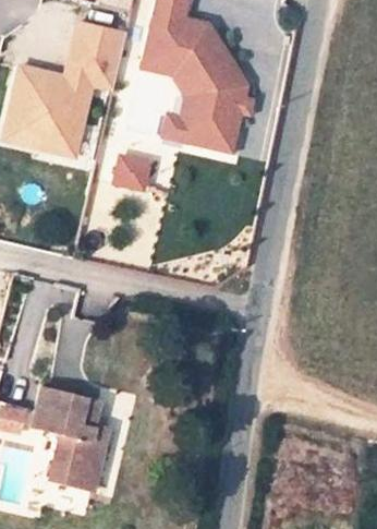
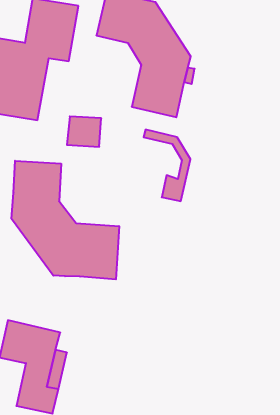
building: [142,60,195,142] -> [144,130,190,201]
building: none -> [12,161,119,279]

